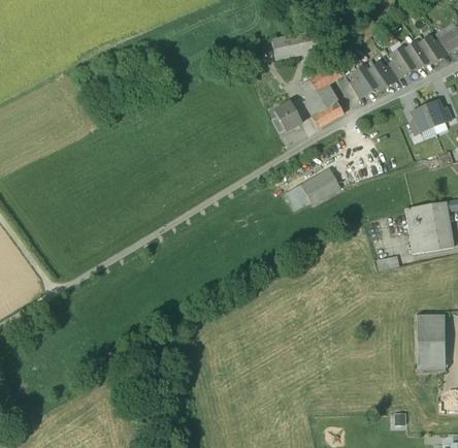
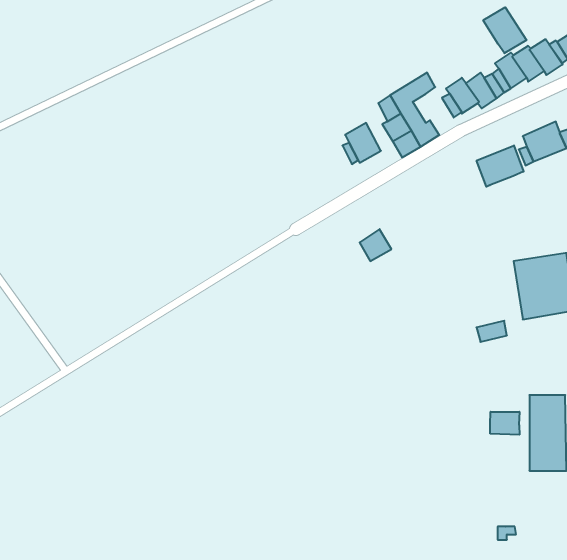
building: none -> [483,7,526,53]
building: [272,31,324,59] -> none
building: none -> [477,145,524,187]
building: [301,166,341,203] -> none
building: none -> [490,412,519,435]

